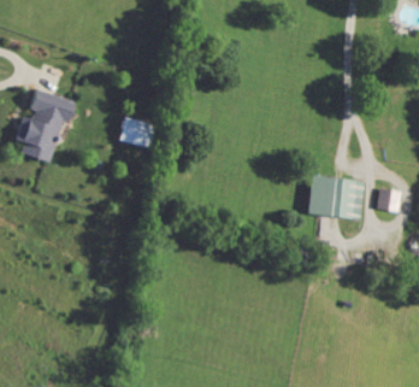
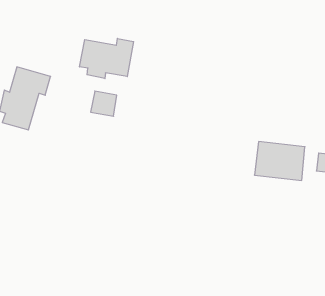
building: none -> [80,38,134,79]

